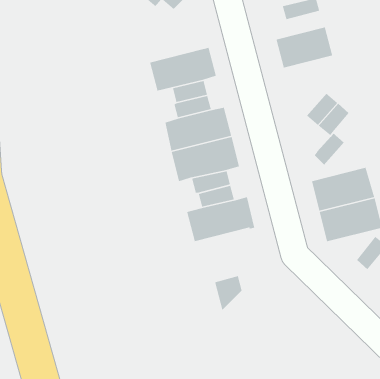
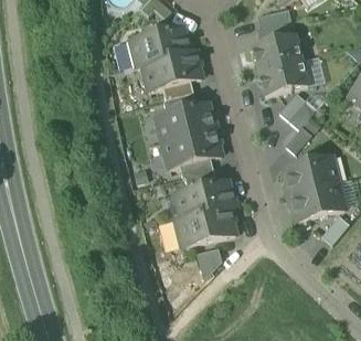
building: none -> [130,25,190,64]
building: none -> [258,57,308,94]
building: none -> [176,206,235,246]

